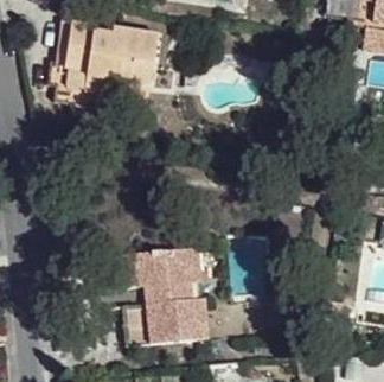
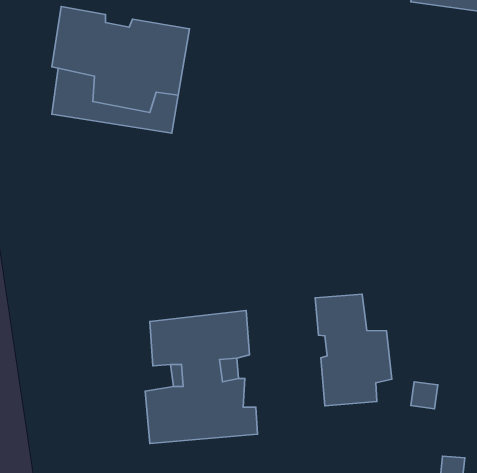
building: none -> [315,294,392,406]

